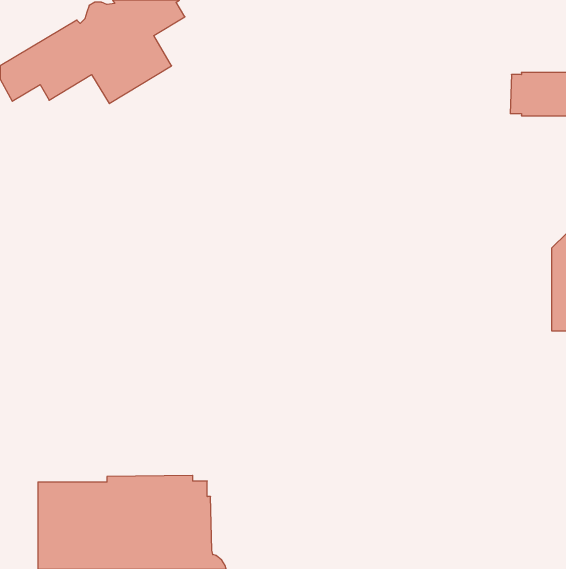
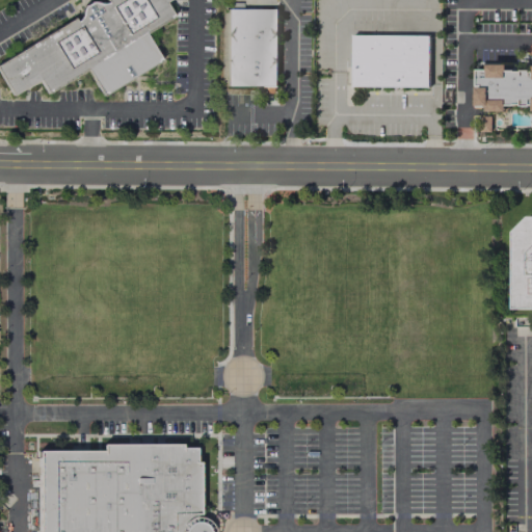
building: none -> [230,9,281,87]
building: none -> [355,35,432,87]

